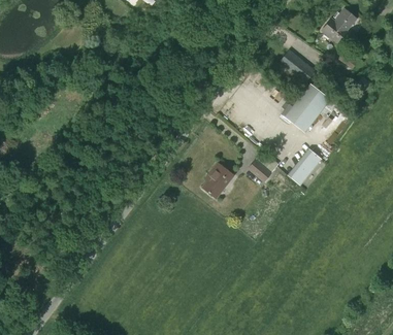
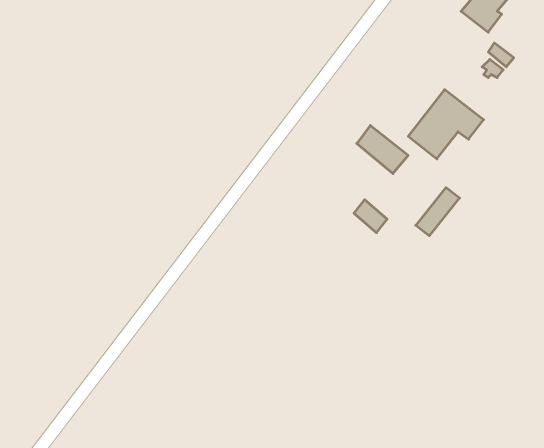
building: [279,49,314,82] -> [357,125,408,174]
building: [201,162,233,198] -> none

